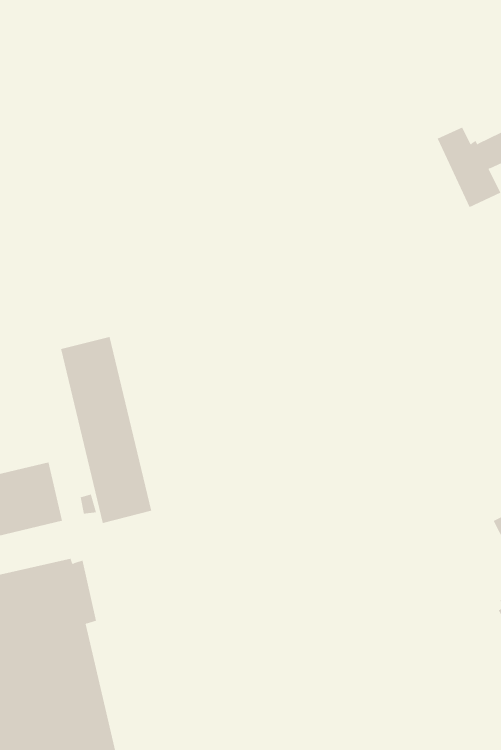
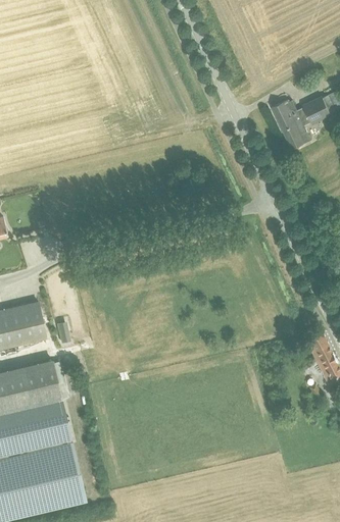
building: [61,336,152,524] -> none

